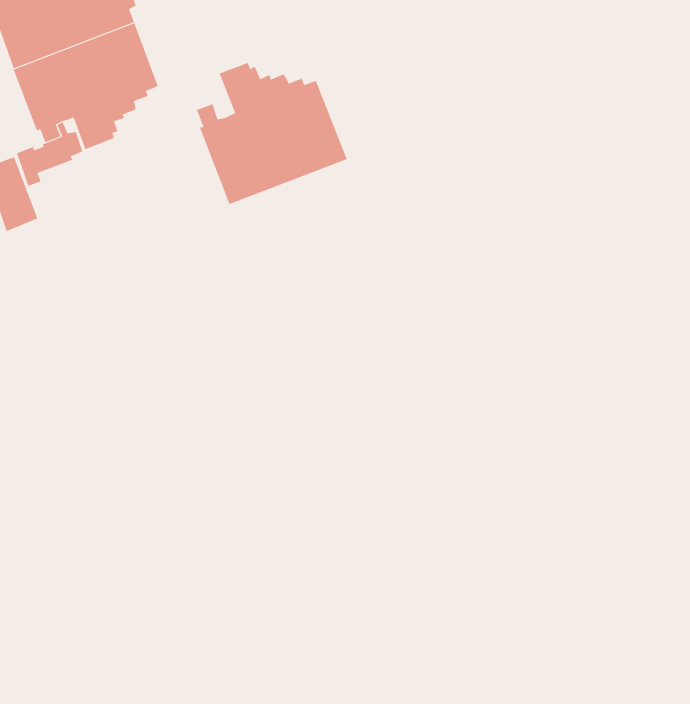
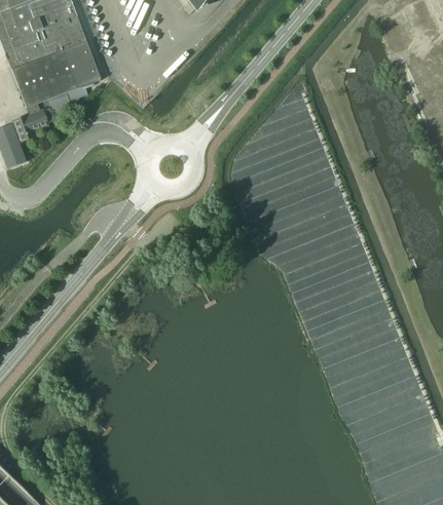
building: [196,62,348,205] -> none

